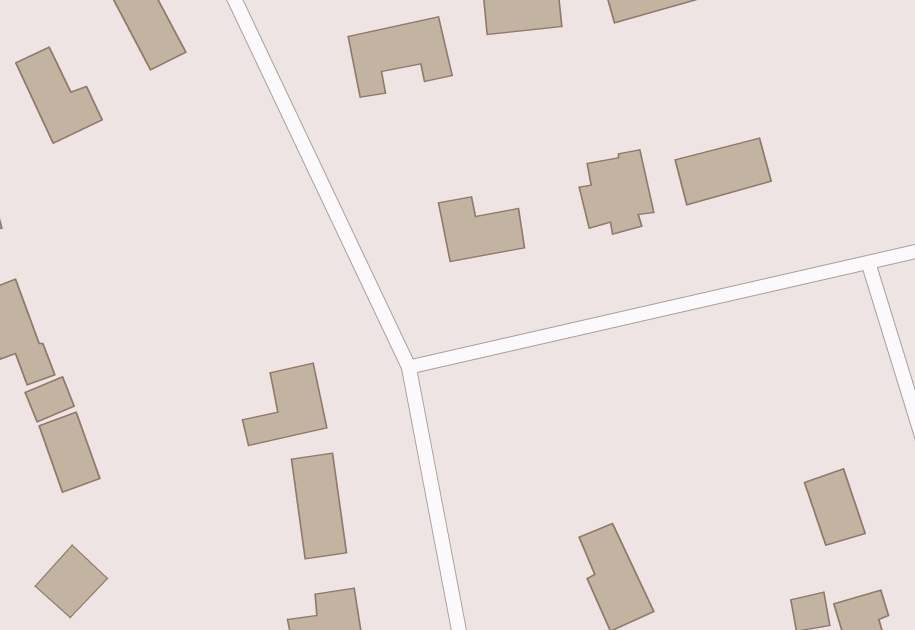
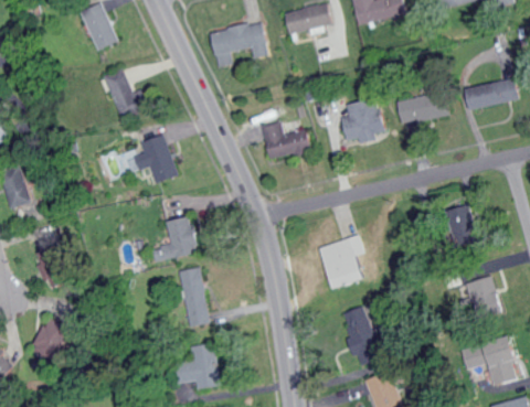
building: [16,47,102,143] -> [100,66,149,120]
building: none -> [466,79,518,108]
building: none -> [121,133,177,184]
building: none -> [445,205,479,247]
building: none -> [319,235,364,289]

